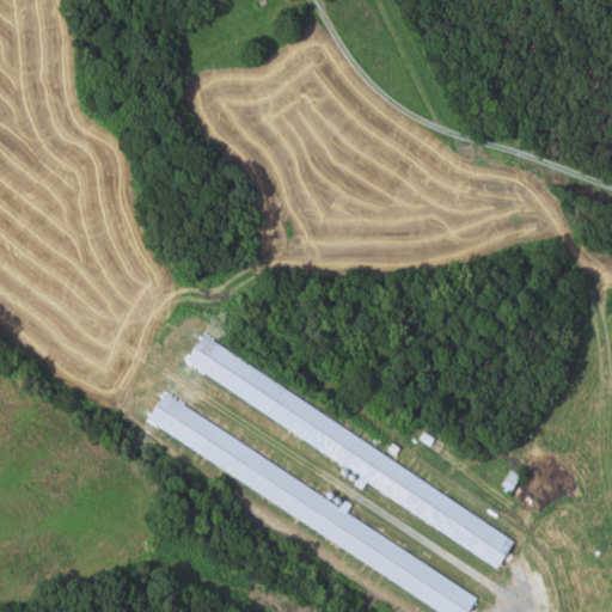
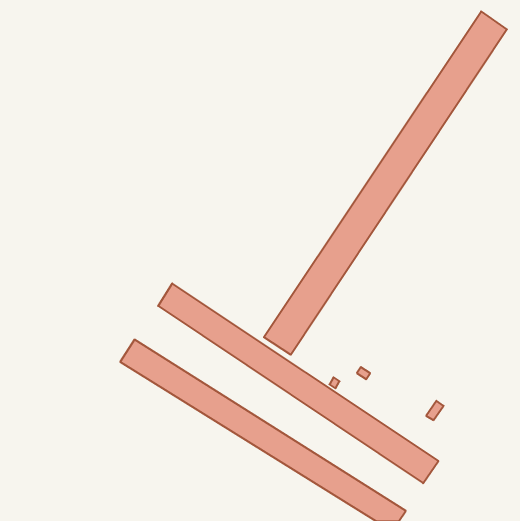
building: none -> [264,11,507,355]

